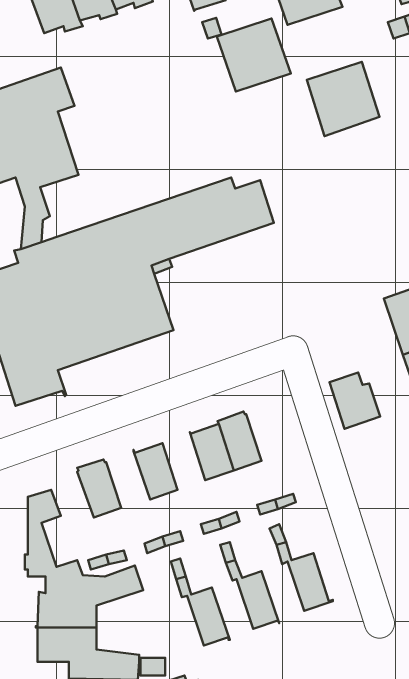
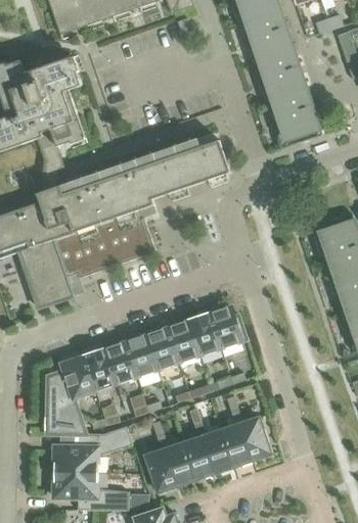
building: [217,18,291,91] -> [240,10,296,64]
building: none -> [268,92,323,147]
building: [329,373,380,429] -> [210,305,248,347]
building: none -> [147,326,179,369]
building: none -> [105,340,138,382]
building: none -> [57,355,96,426]
building: none -> [221,422,253,468]
building: none -> [184,435,215,480]
building: none -> [146,447,178,493]

